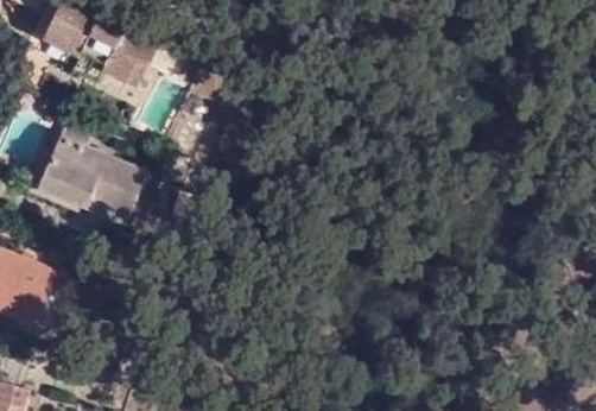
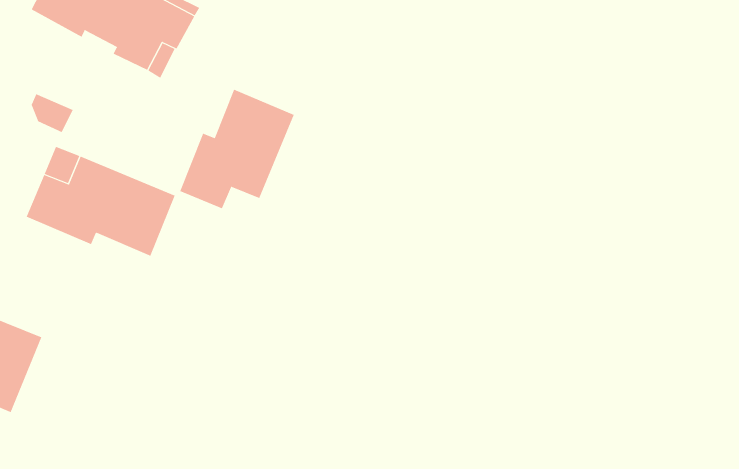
building: none -> [179,89,294,209]

